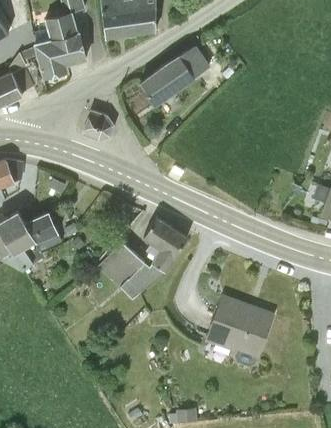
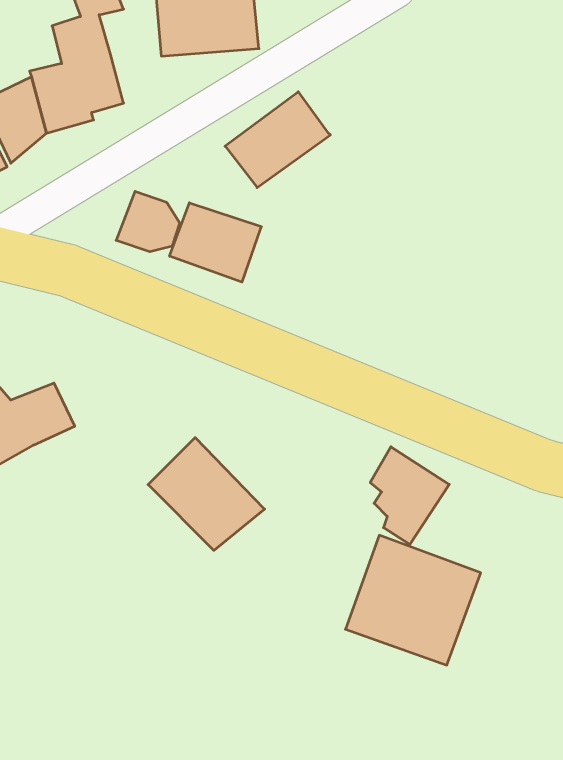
building: [178,47,210,78] -> none
building: none -> [170,203,261,282]
building: [145,219,187,271] -> [370,447,449,545]

